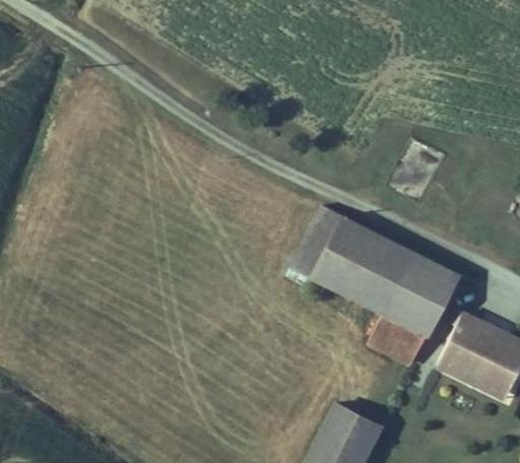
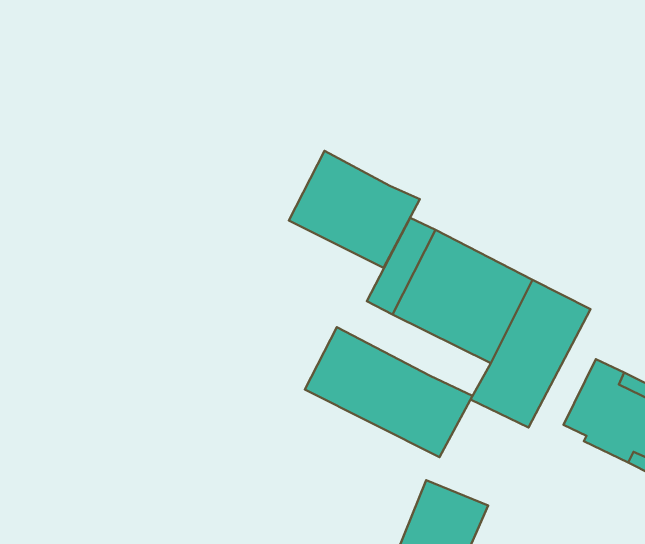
building: none -> [289,151,420,268]
building: none -> [305,327,473,457]

